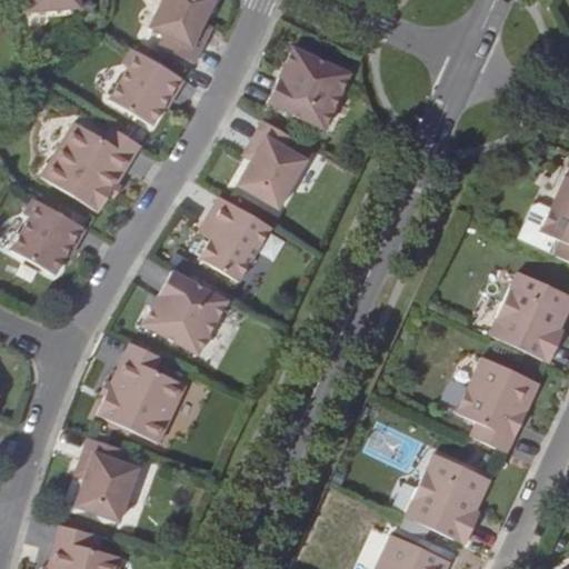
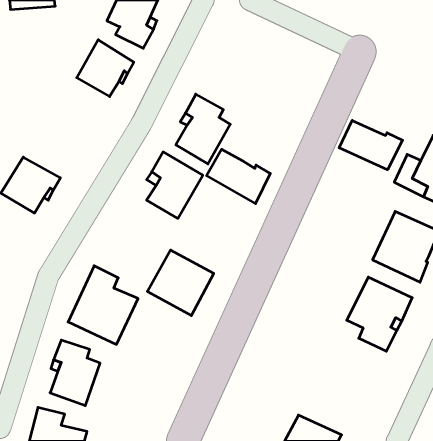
building: [267,47,350,128] -> none
building: [41,120,141,212] -> none
building: none -> [339,120,403,170]
building: none -> [207,149,270,204]
building: [142,270,228,355] -> [147,250,214,316]
building: [407,453,492,542] -> none

